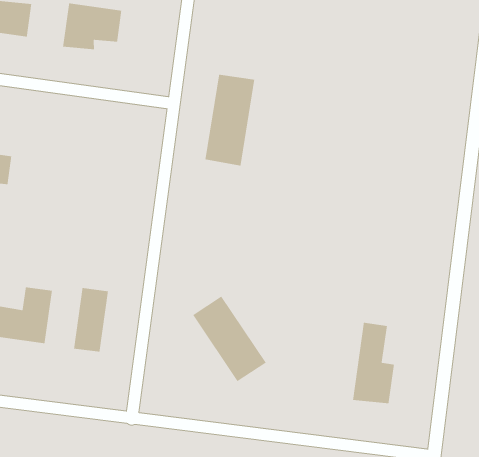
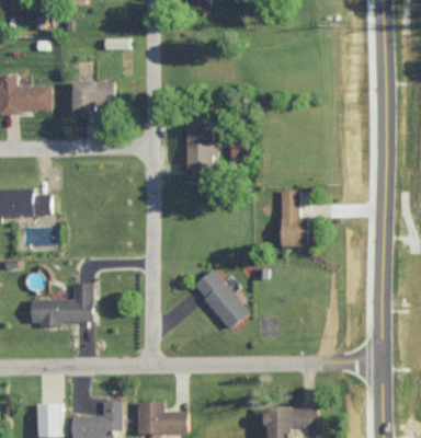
building: [73,287,109,353] -> none
building: [352,322,395,404] -> [281,191,307,246]

